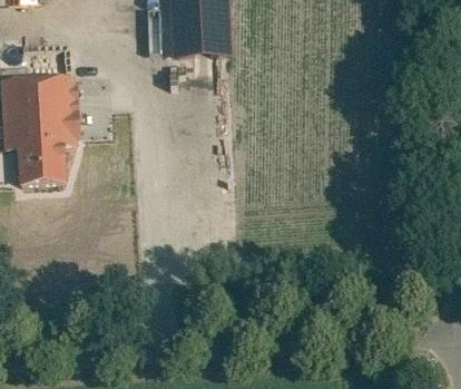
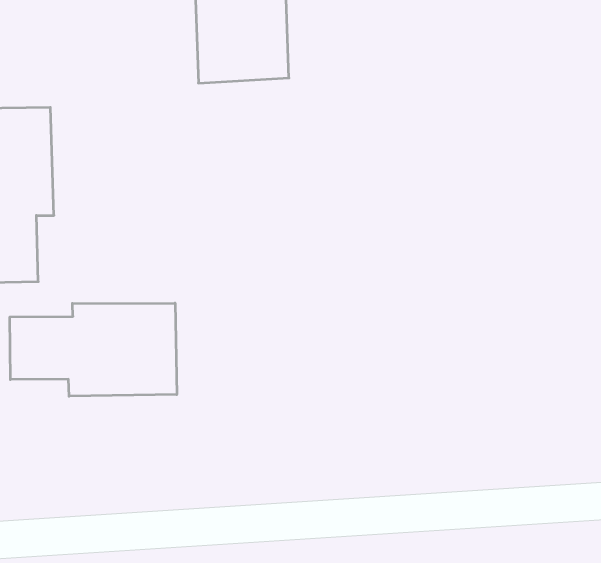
building: none -> [10,303,177,396]

